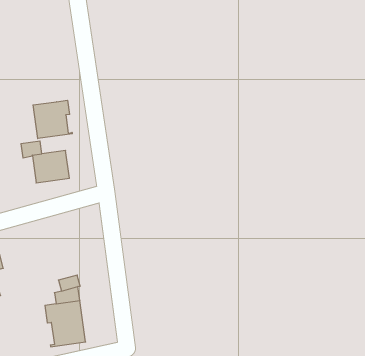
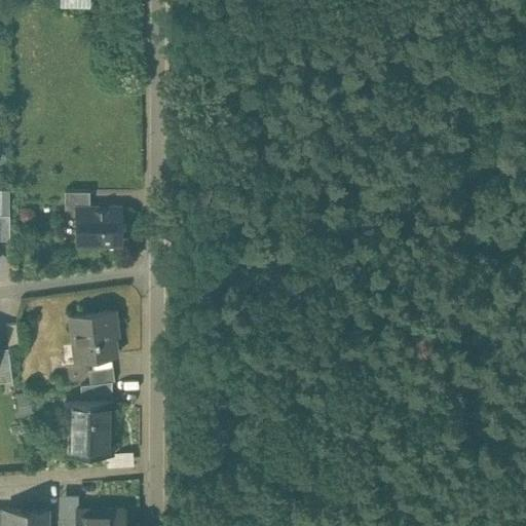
building: [33,100,72,139] -> none
building: none -> [70,312,115,363]

